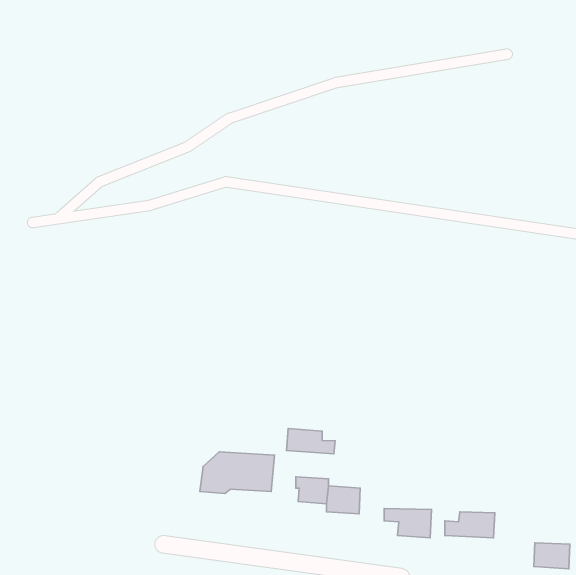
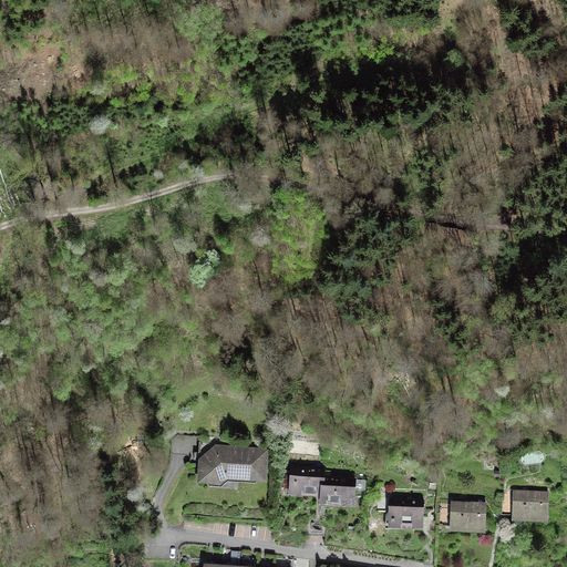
building: [287,429,335,454] -> none
building: [534,543,570,569] -> [512,493,547,518]

